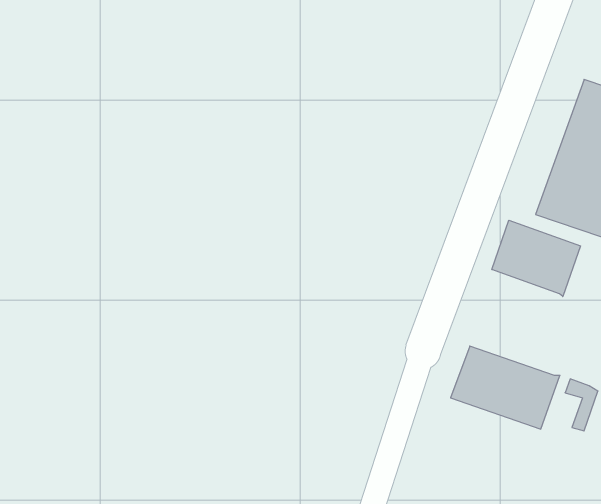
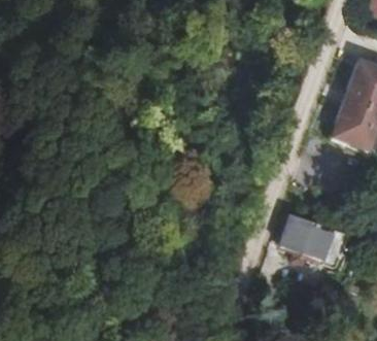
building: [492,220,581,297] -> none

